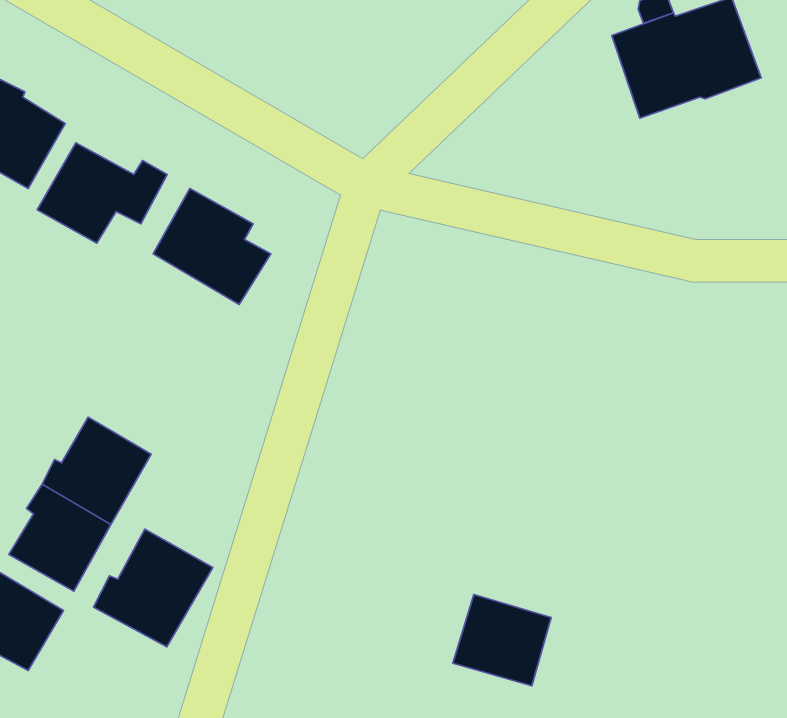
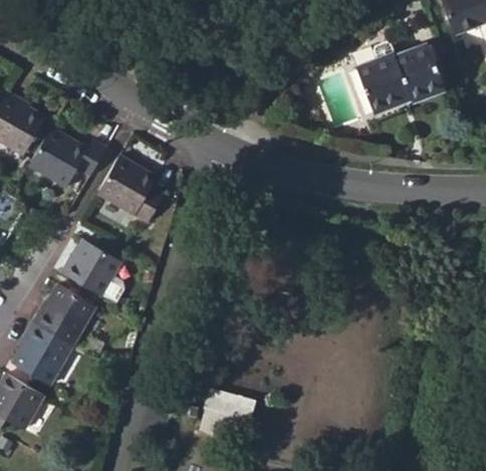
building: none -> [58,239,119,296]
building: [94,529,213,647] -> none
building: [453,594,551,686] -> [201,386,257,438]

